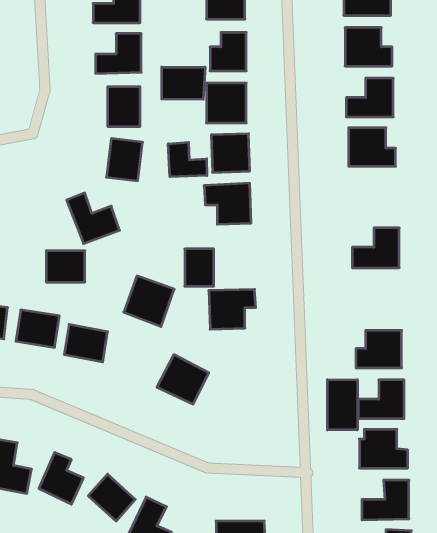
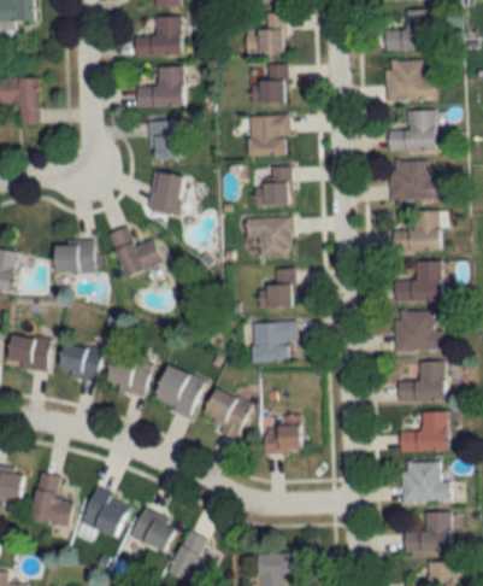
building: [162,67,205,99] -> none
building: [168,142,207,177] -> none
building: none -> [395,210,440,251]
building: [185,249,214,286] -> [266,269,295,306]
building: [46,251,85,282] -> [55,241,94,273]
building: [124,276,174,327] -> [153,365,204,416]
building: none -> [397,311,444,350]
building: [327,380,357,430] -> none
building: none -> [264,415,302,453]

